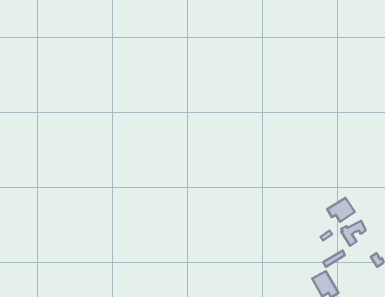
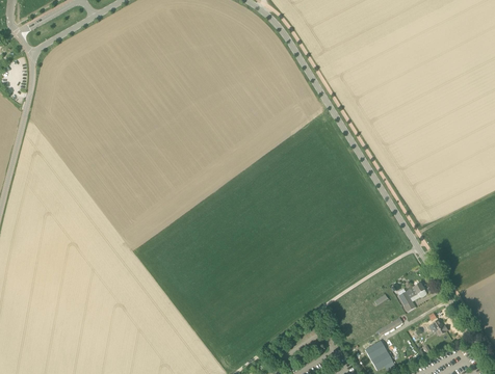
building: [327,198,355,222] -> none

